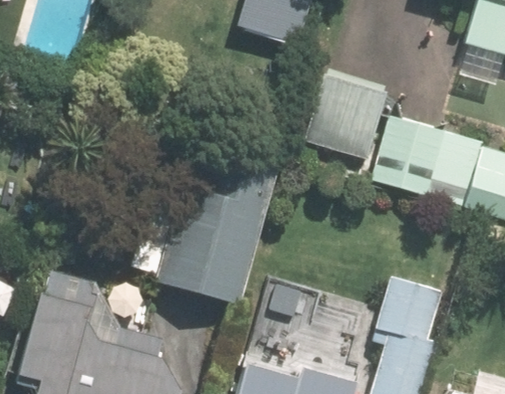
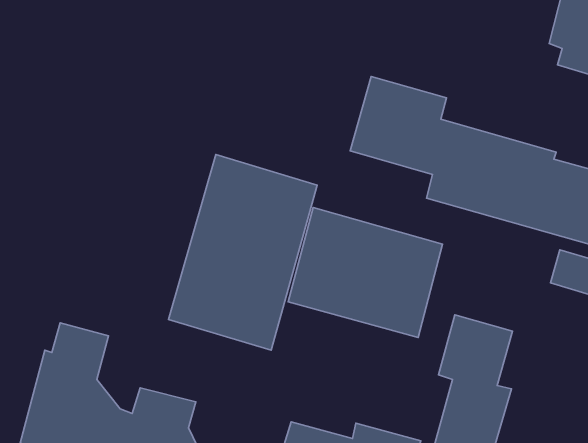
building: none -> [288,207,442,338]

